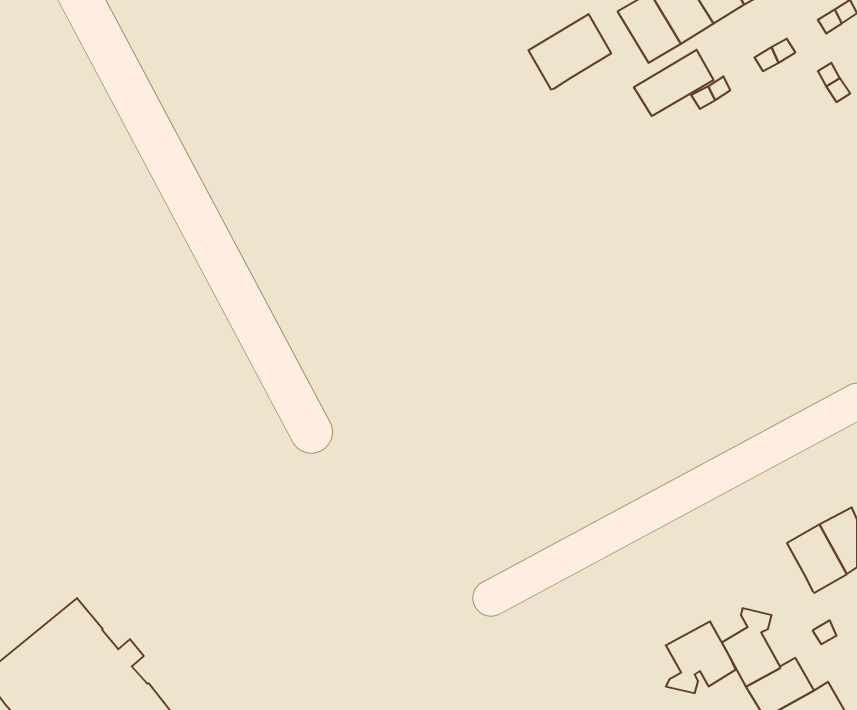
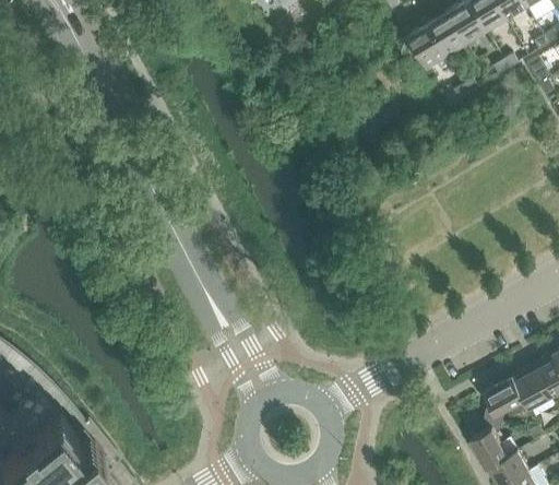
building: [529,14,611,90] -> none
building: [634,50,714,116] -> none
building: [666,621,736,693] -> [485,377,530,423]

